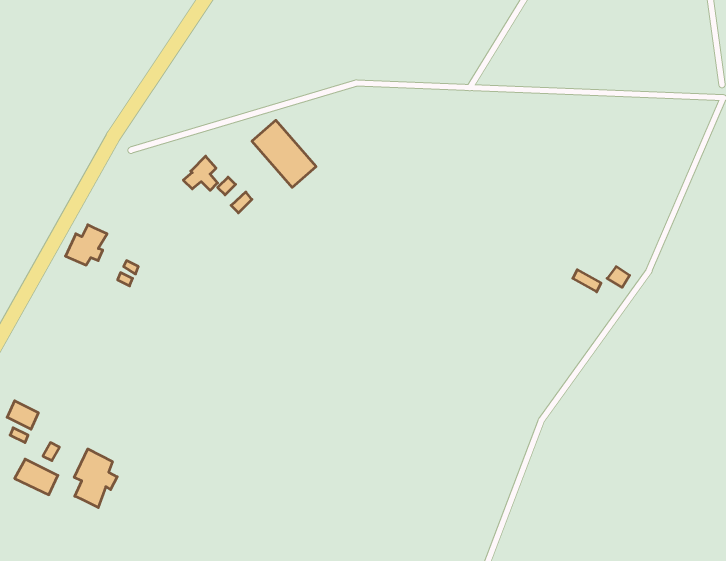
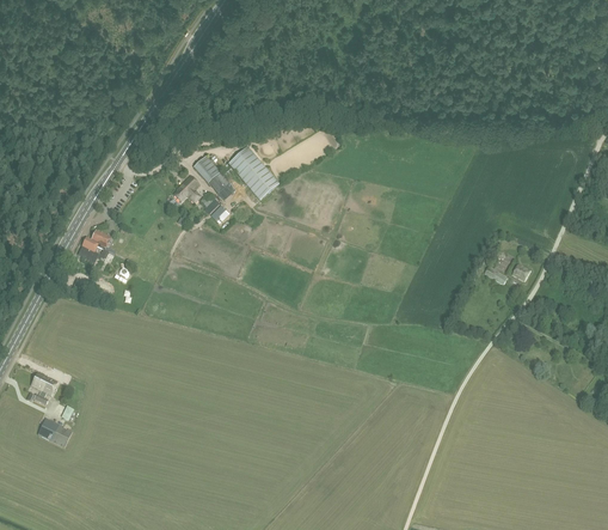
building: none -> [194,156,235,200]
building: [74,449,117,508] -> none

